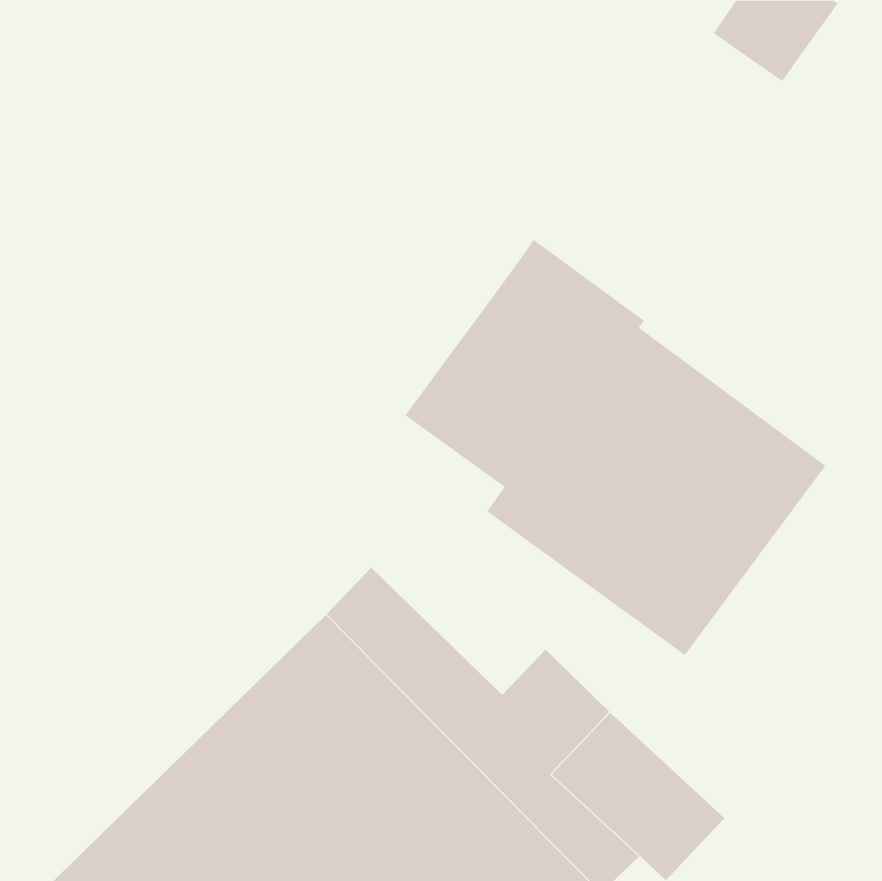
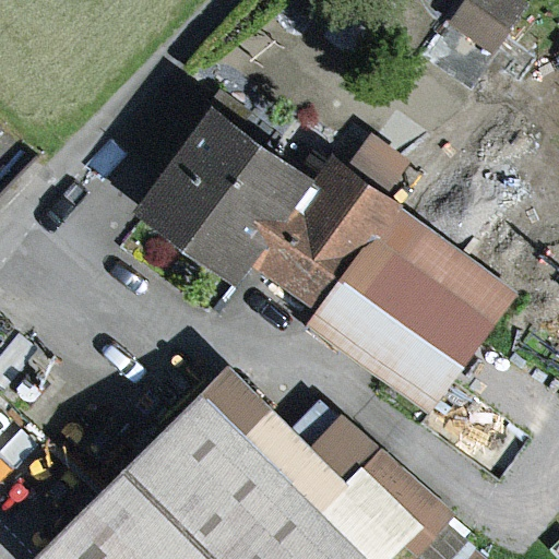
building: none -> [130,79,319,283]

